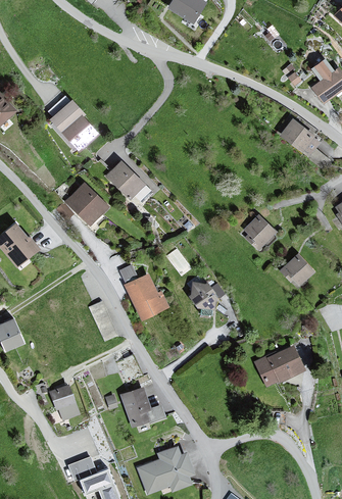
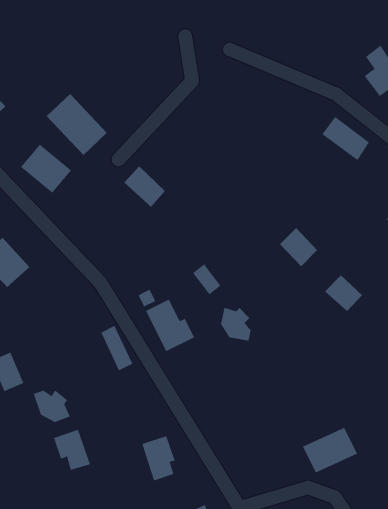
building: [61,183,105,224] -> [20,144,72,193]
building: [258,345,305,384] -> [302,427,358,473]
building: none -> [33,389,71,423]

